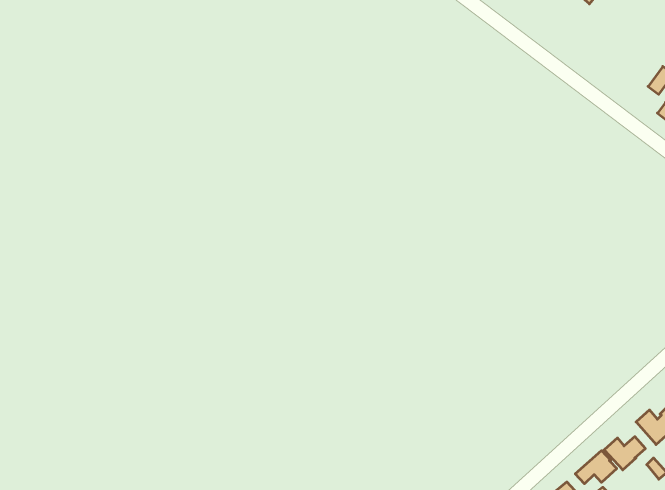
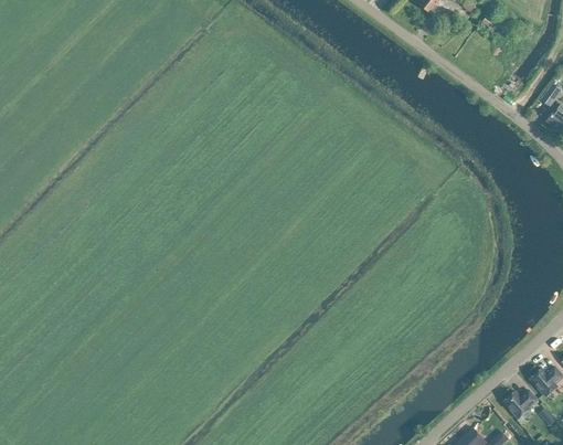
building: [575,451,617,484] -> none

